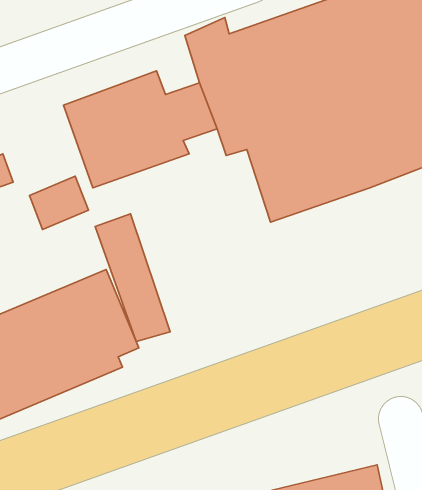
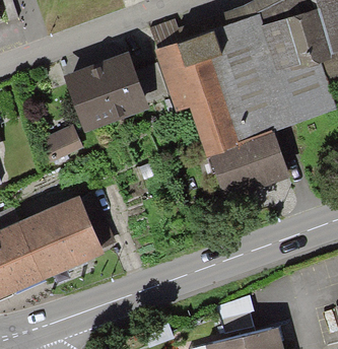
building: none -> [206,135,288,202]
building: [95,214,170,341] -> none

